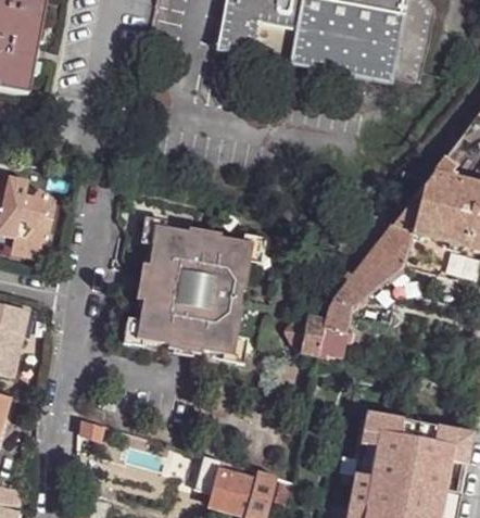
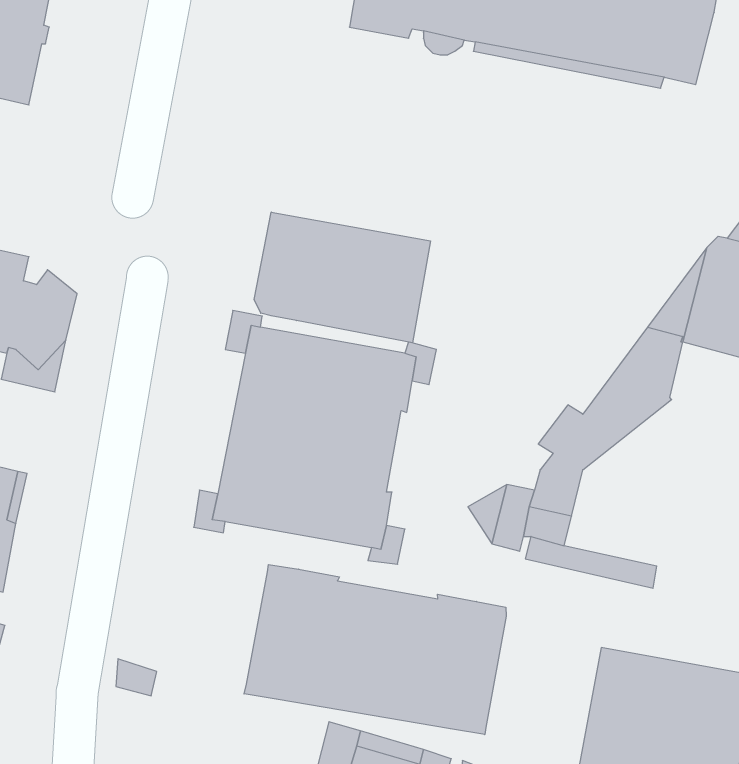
building: none -> [254,212,430,343]
building: none -> [244,565,506,735]

